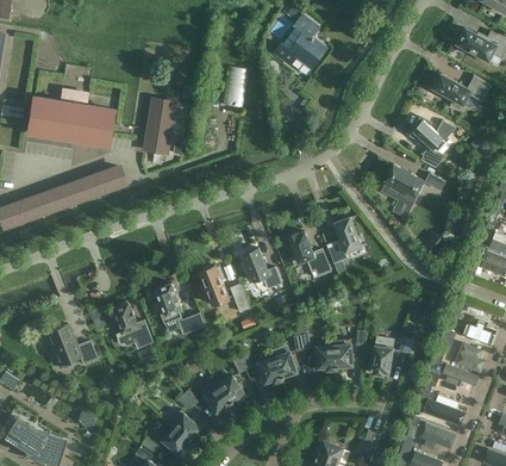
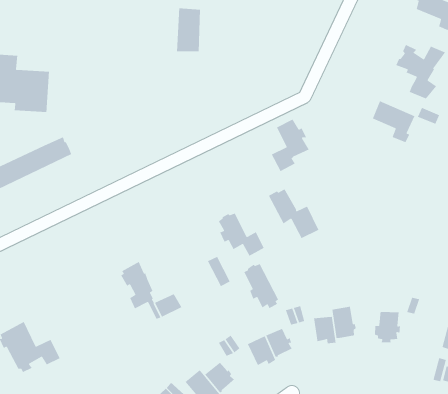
building: [144,100,176,153] -> none
building: [327,218,362,263] -> [270,119,310,172]
building: [201,266,230,306] -> [243,263,279,309]
building: [113,302,154,349] -> none

